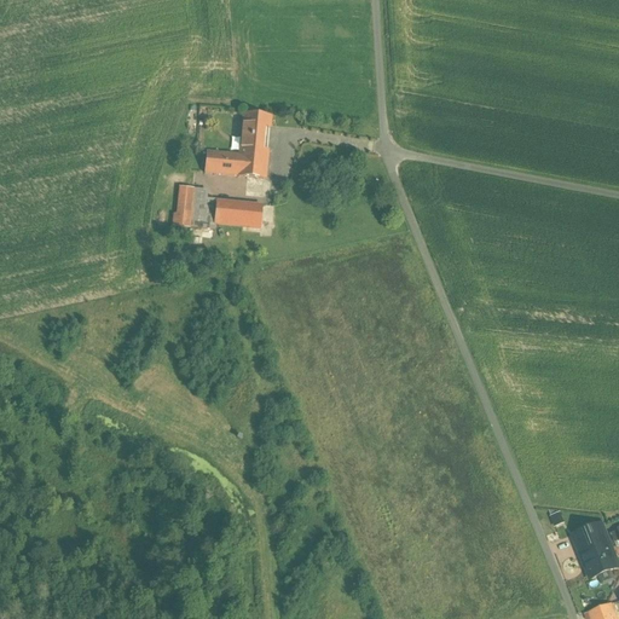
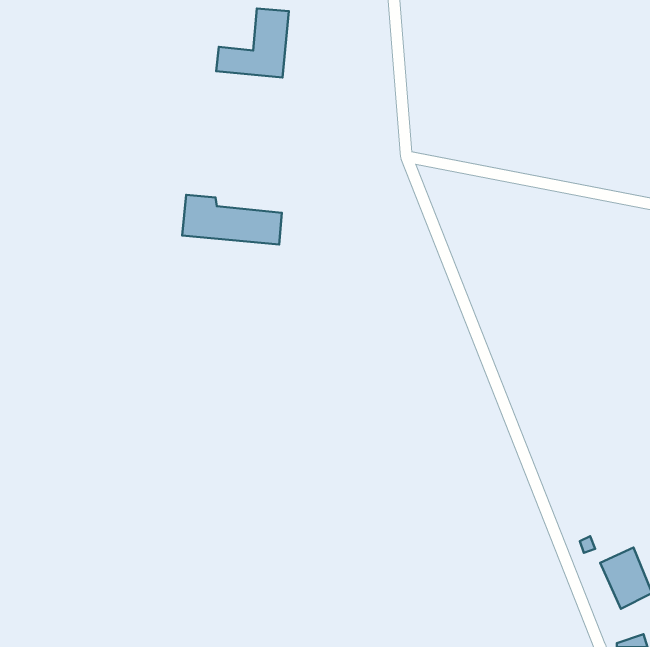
building: [202,111,271,177] -> [216,9,289,77]

